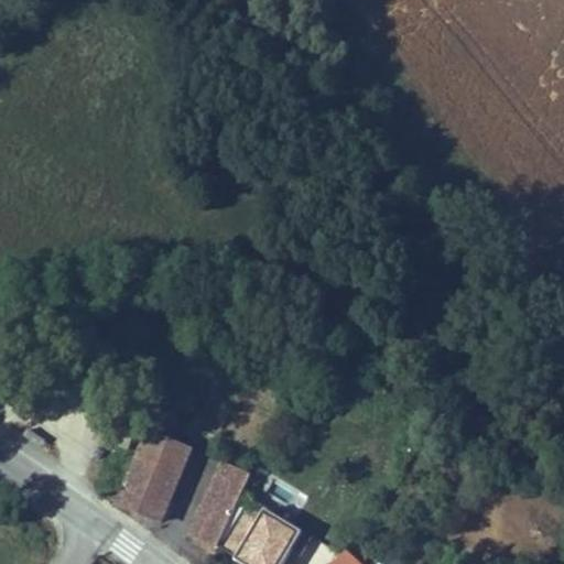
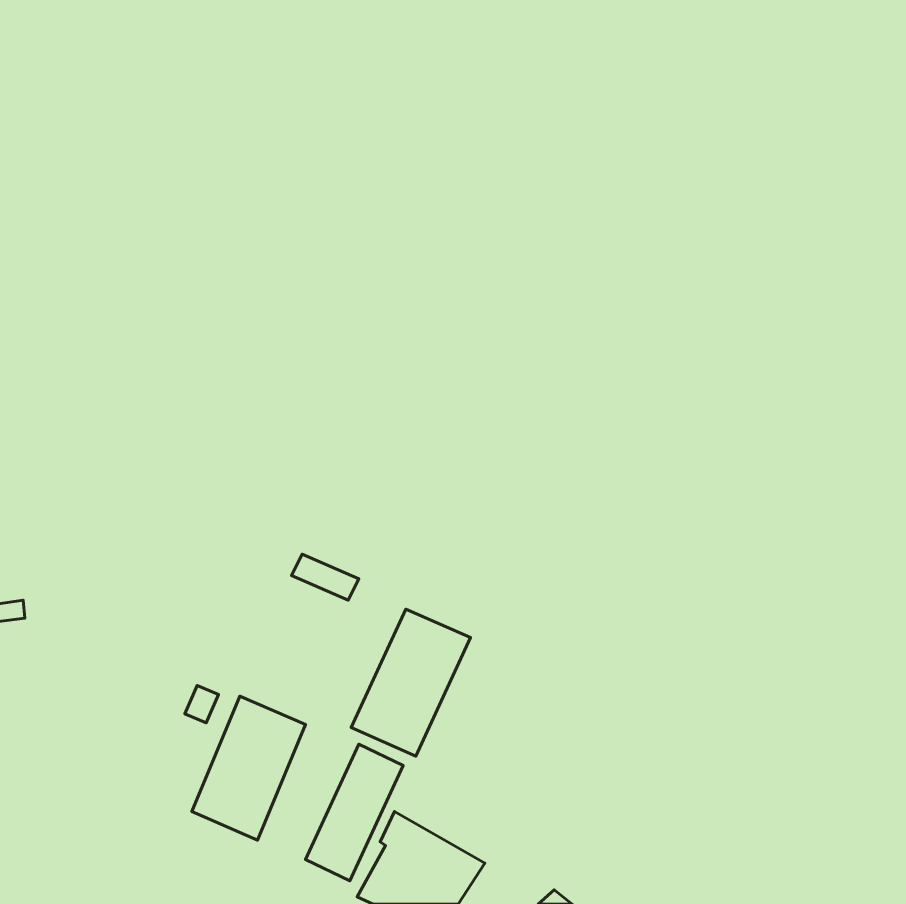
building: none -> [351,609,470,756]

